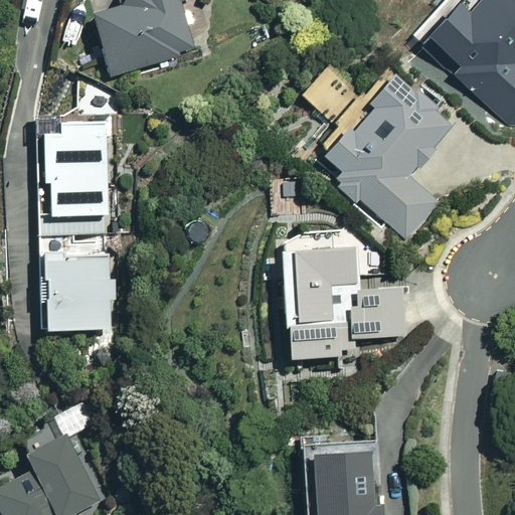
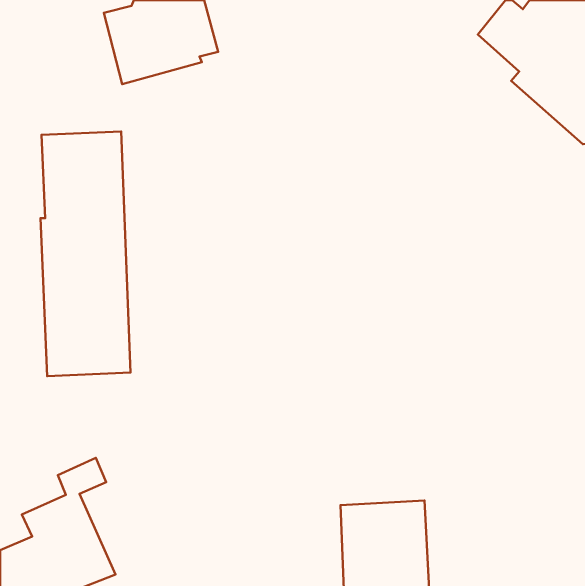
building: [301,67,456,242] -> none
building: [280,245,407,360] -> none

